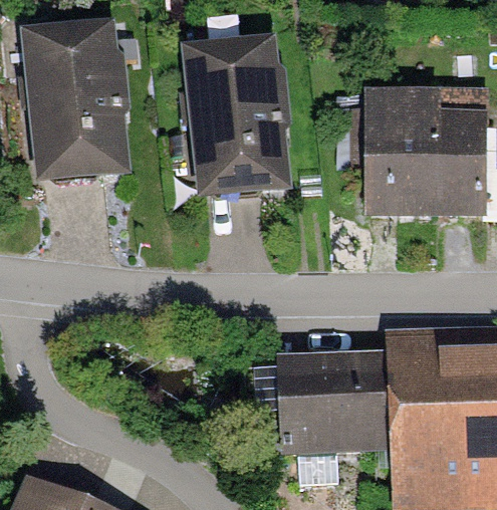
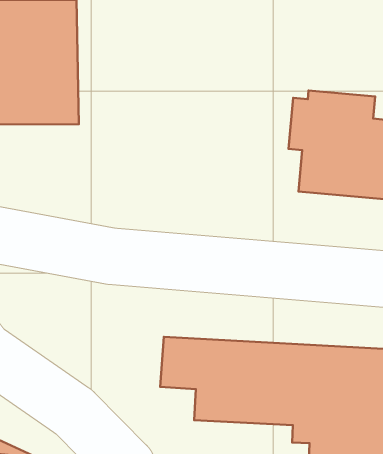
building: [189,46,288,193] -> none

